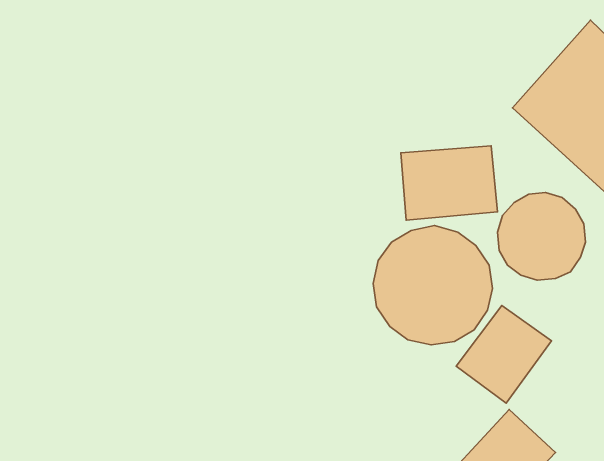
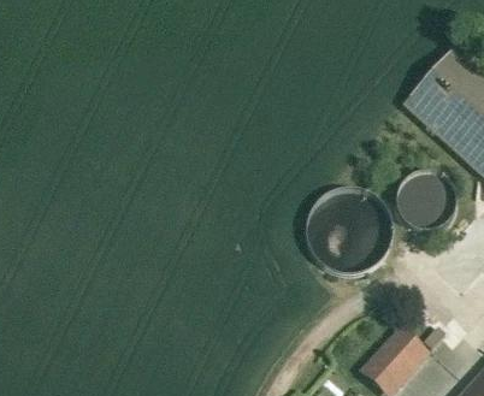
building: [401,146,498,220] -> none
building: [456,305,552,403] -> none

